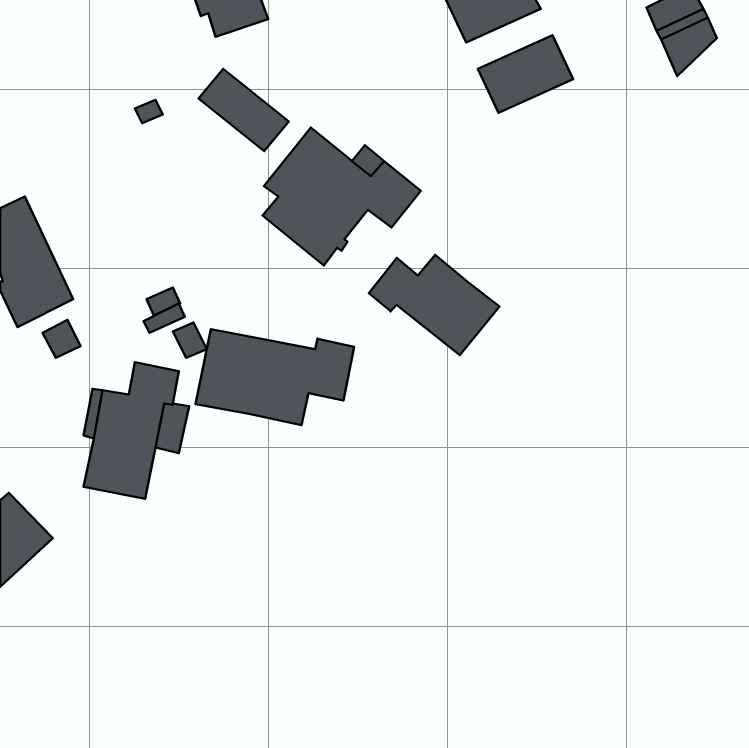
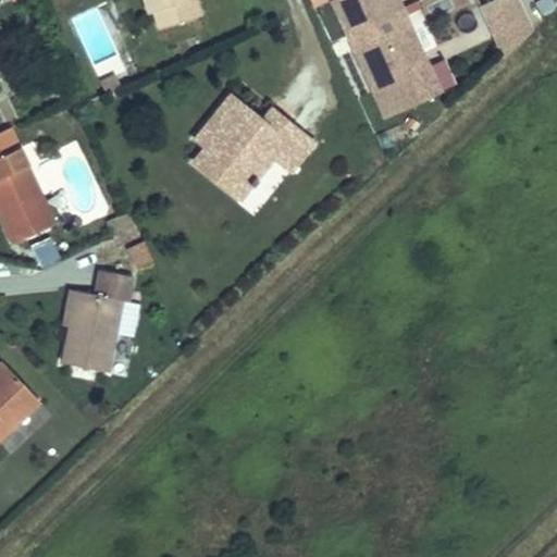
building: [199,69,289,151] -> none
building: none -> [370,59,441,116]
building: [369,255,499,355] -> none
building: [195,329,354,425] -> none

